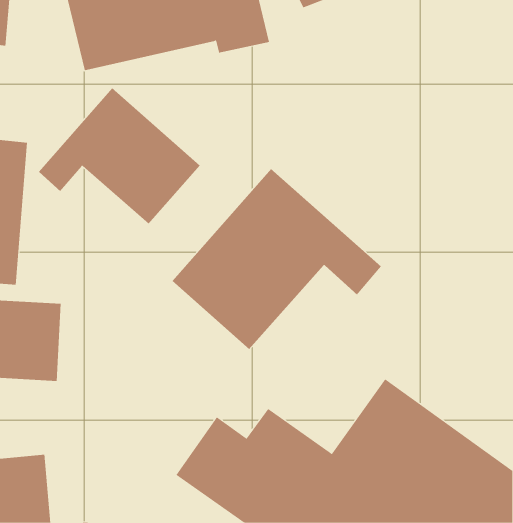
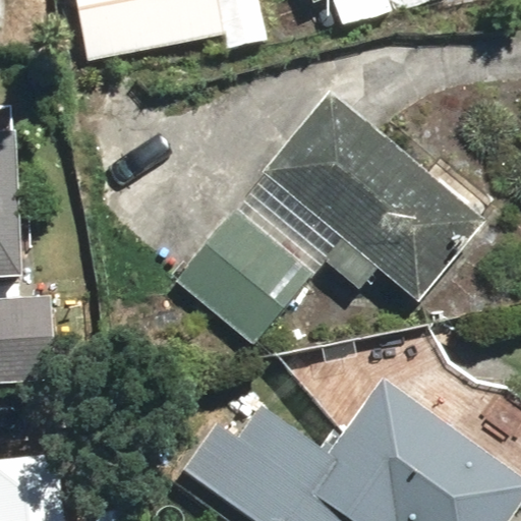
building: [38,88,201,224] -> none
building: none -> [269,93,486,302]

